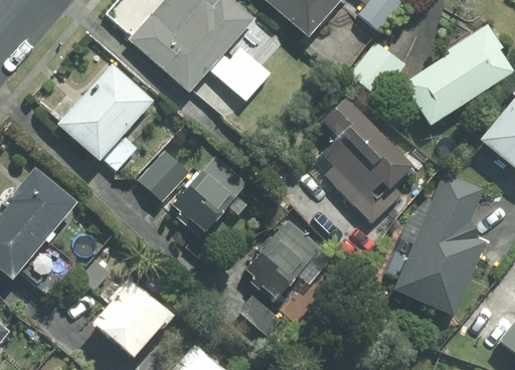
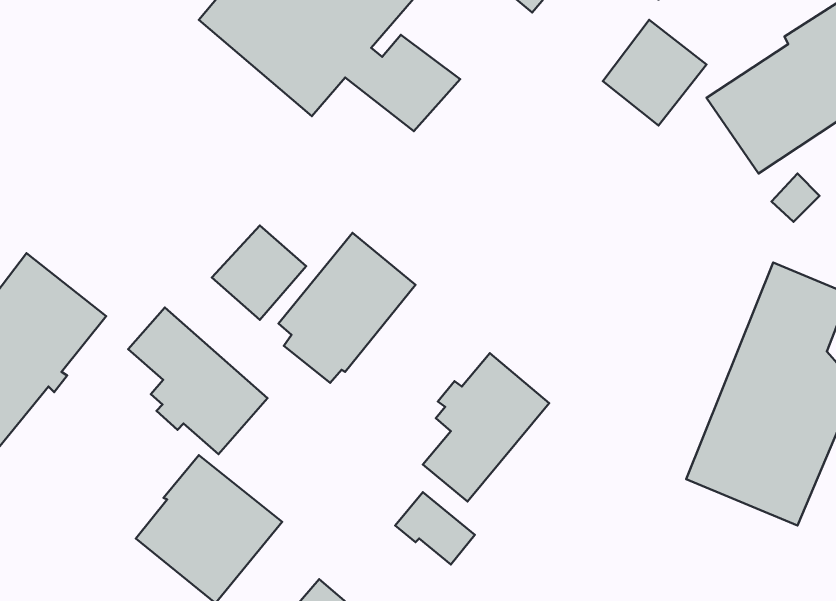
building: [57,63,154,173] -> none
building: [320,96,415,223] -> none
building: none -> [128,307,267,454]

